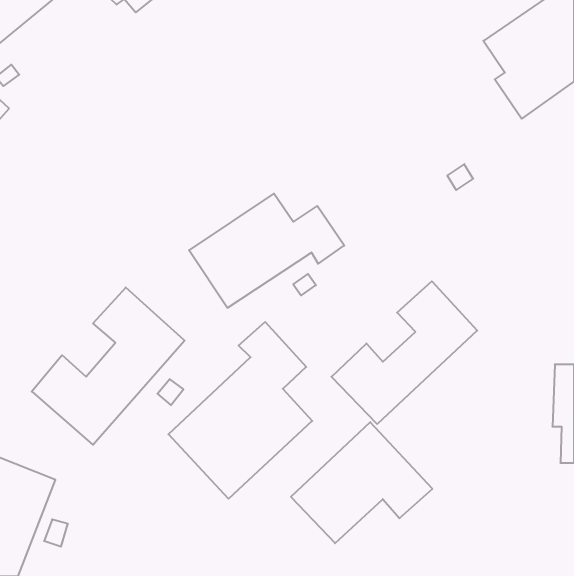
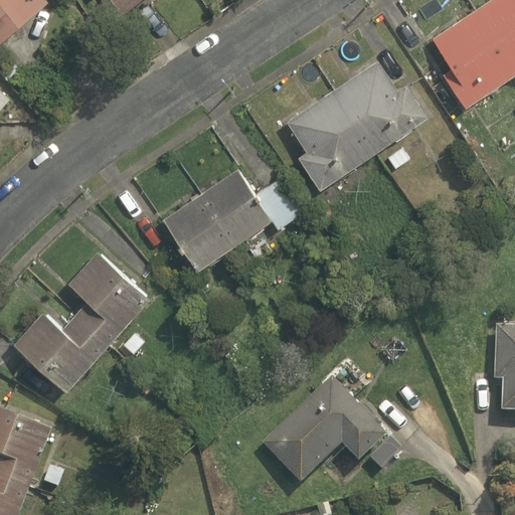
building: none -> [288,61,428,190]
building: [331,281,477,424] -> none
building: [168,322,312,499] -> none

